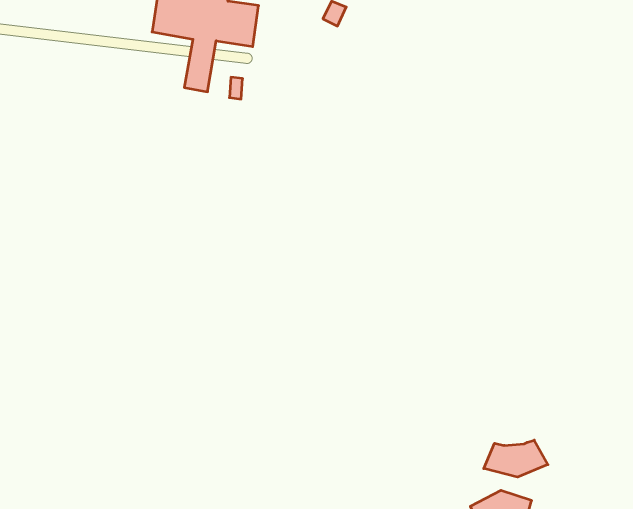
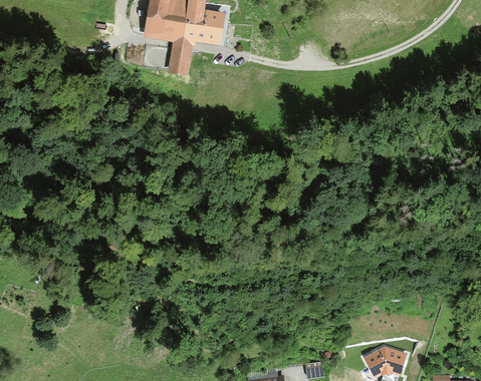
building: [484,440,548,477] -> none

